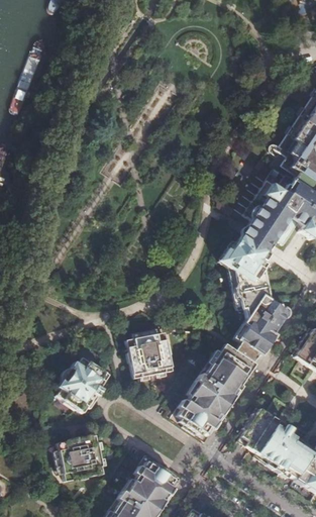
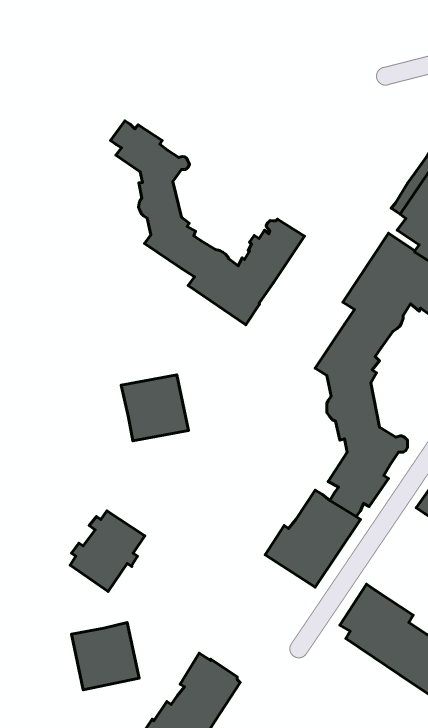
building: none -> [110,121,304,325]
building: [127,331,174,377] -> [121,375,189,441]
building: [174,387,226,440] -> none

